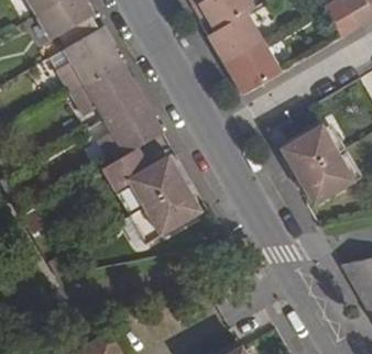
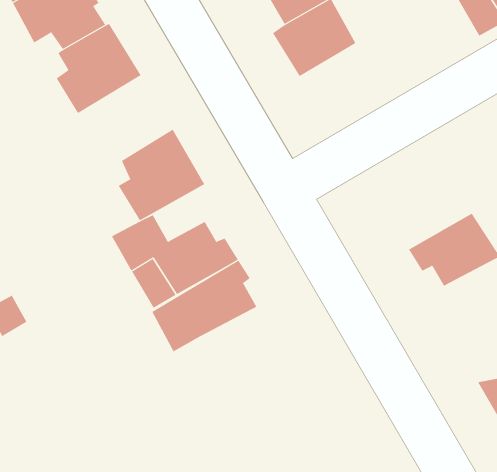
building: [223,41,280,93] -> none
building: [78,62,141,118] -> none
building: [286,123,337,176] -> none

